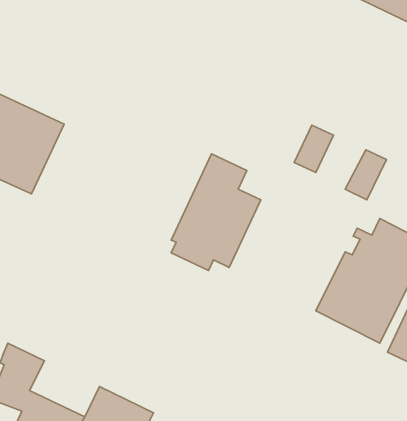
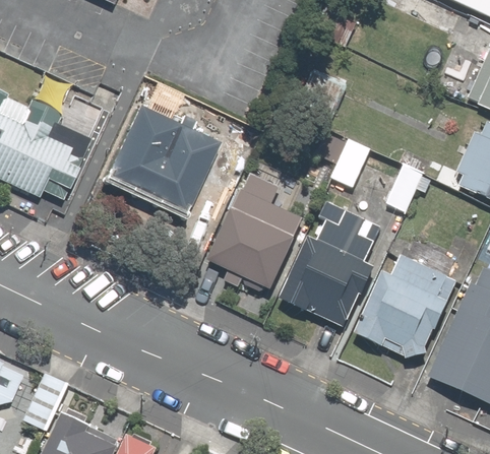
building: none -> [102,107,222,218]
building: none -> [281,205,376,331]

